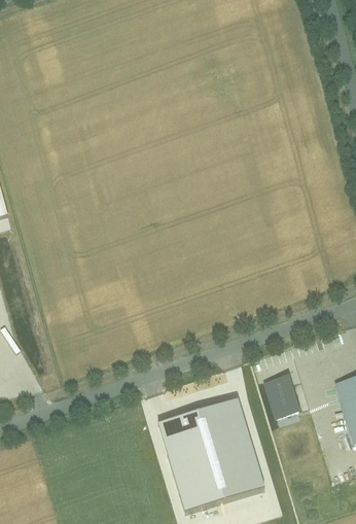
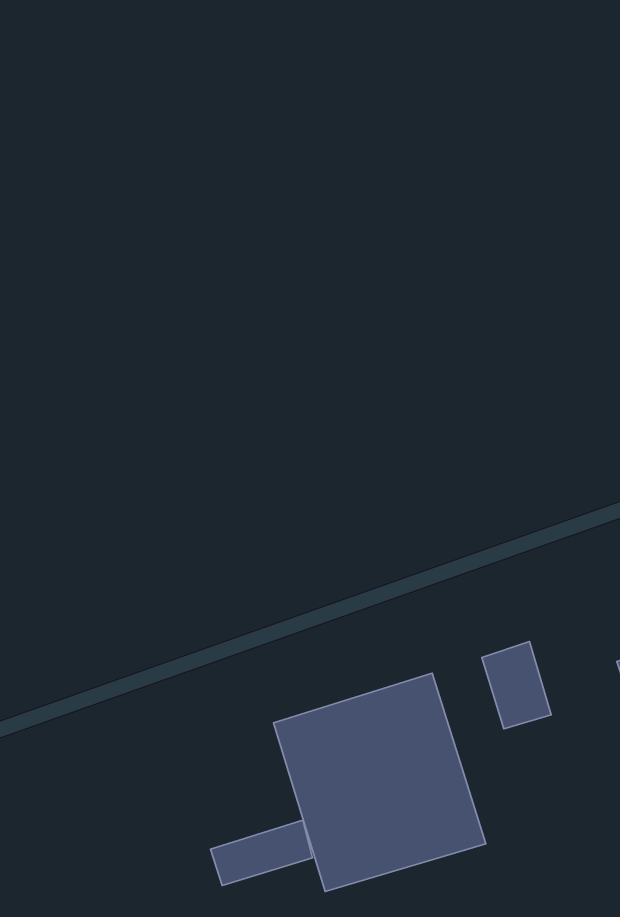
building: none -> [210,820,312,886]

